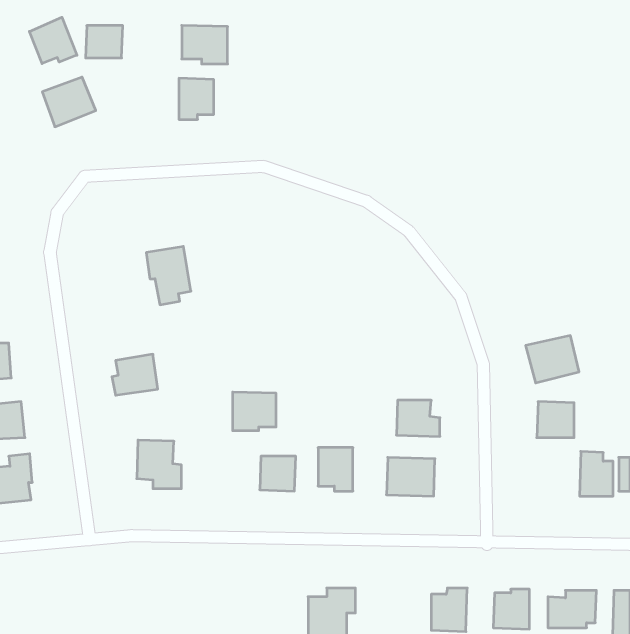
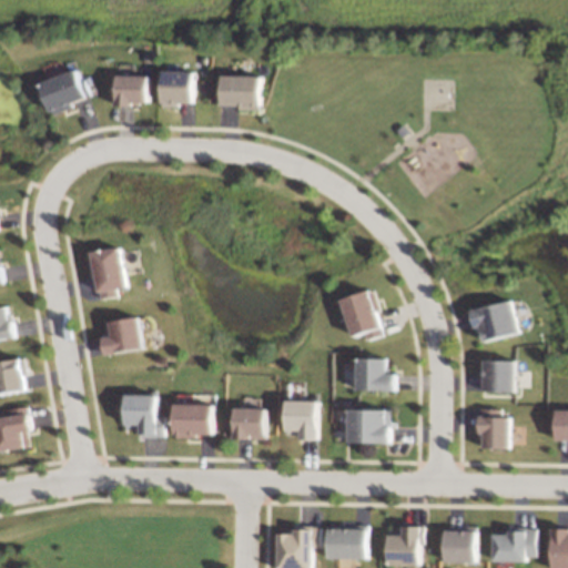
building: [29,17,77,64] -> none
building: [182,25,228,64] -> [217,75,258,110]
building: [86,26,123,58] -> [113,75,146,104]
building: [146,246,191,305] -> [85,247,125,300]
building: none -> [339,291,382,339]
building: [233,392,276,431] -> [172,404,211,438]
building: [580,451,613,496] -> [477,408,507,448]
building: none -> [325,525,365,559]

